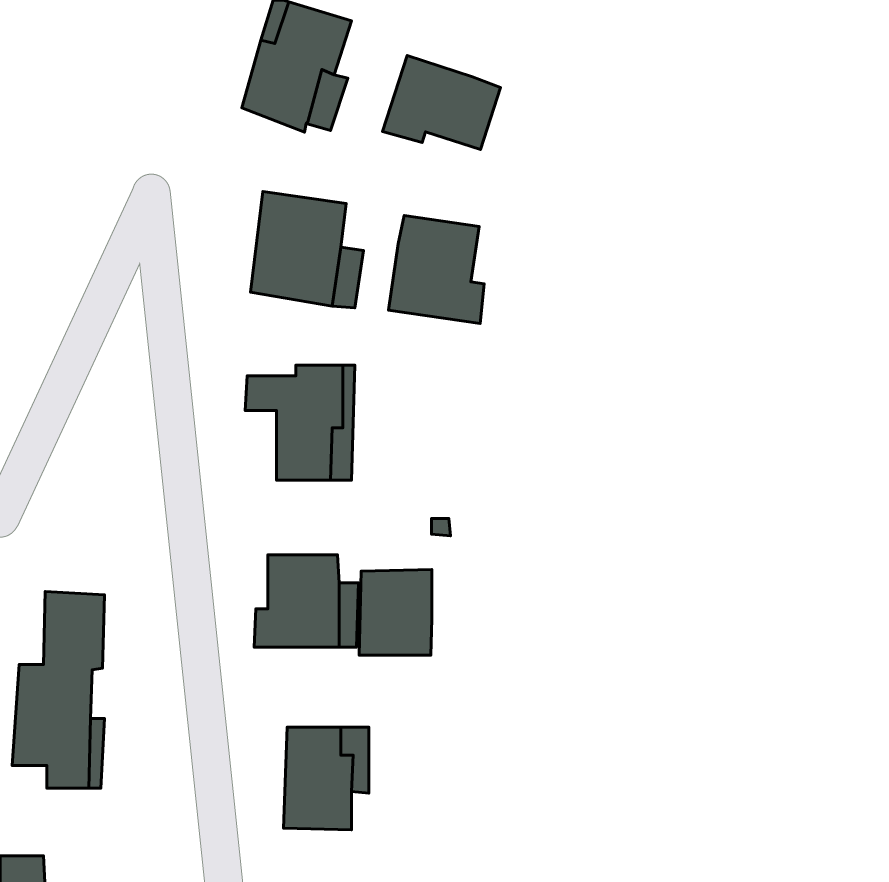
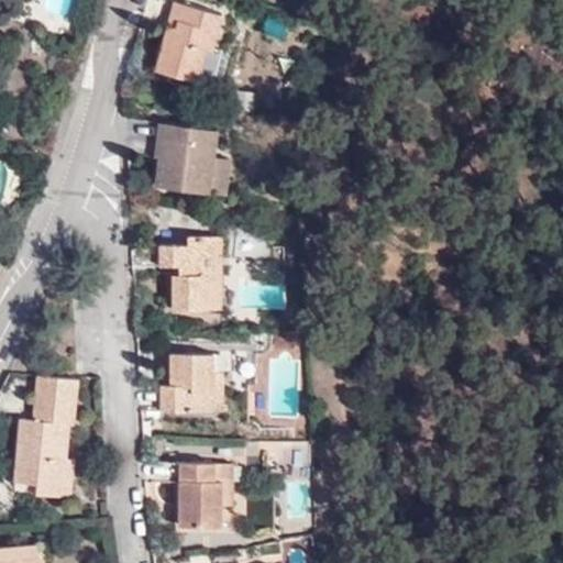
building: [383,56,500,149] -> none
building: [388,216,484,323] -> none
building: [359,570,432,655] -> none

